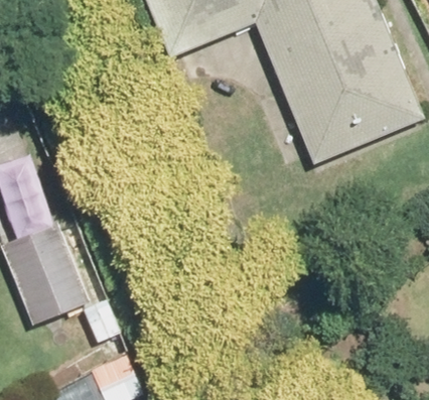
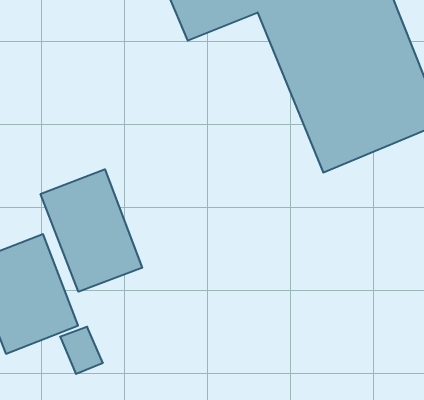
building: none -> [41,169,142,292]

